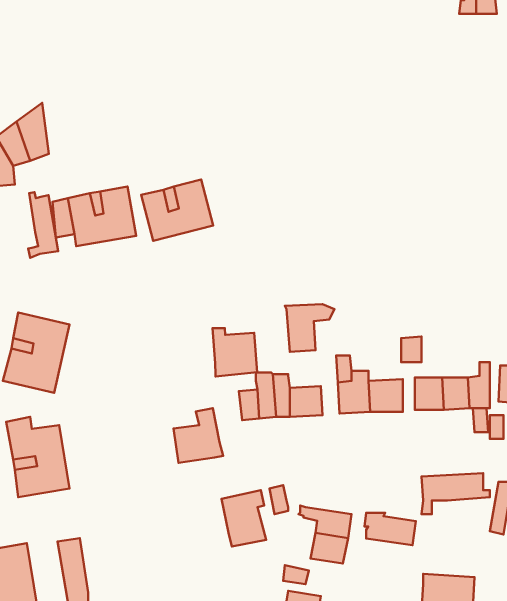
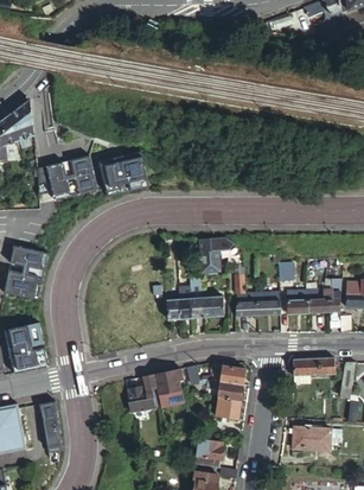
building: [28,192,58,258] -> none
building: [212,328,257,376] -> none
building: [174,408,223,463] -> [127,374,161,412]
building: [365,513,416,545] -> [211,362,247,384]

